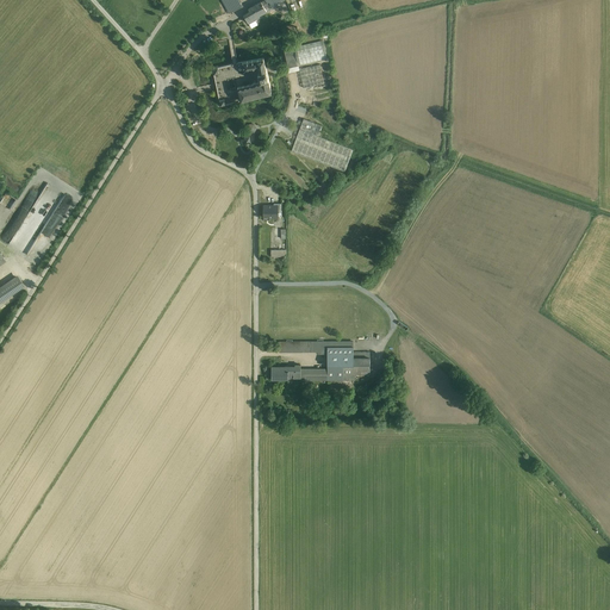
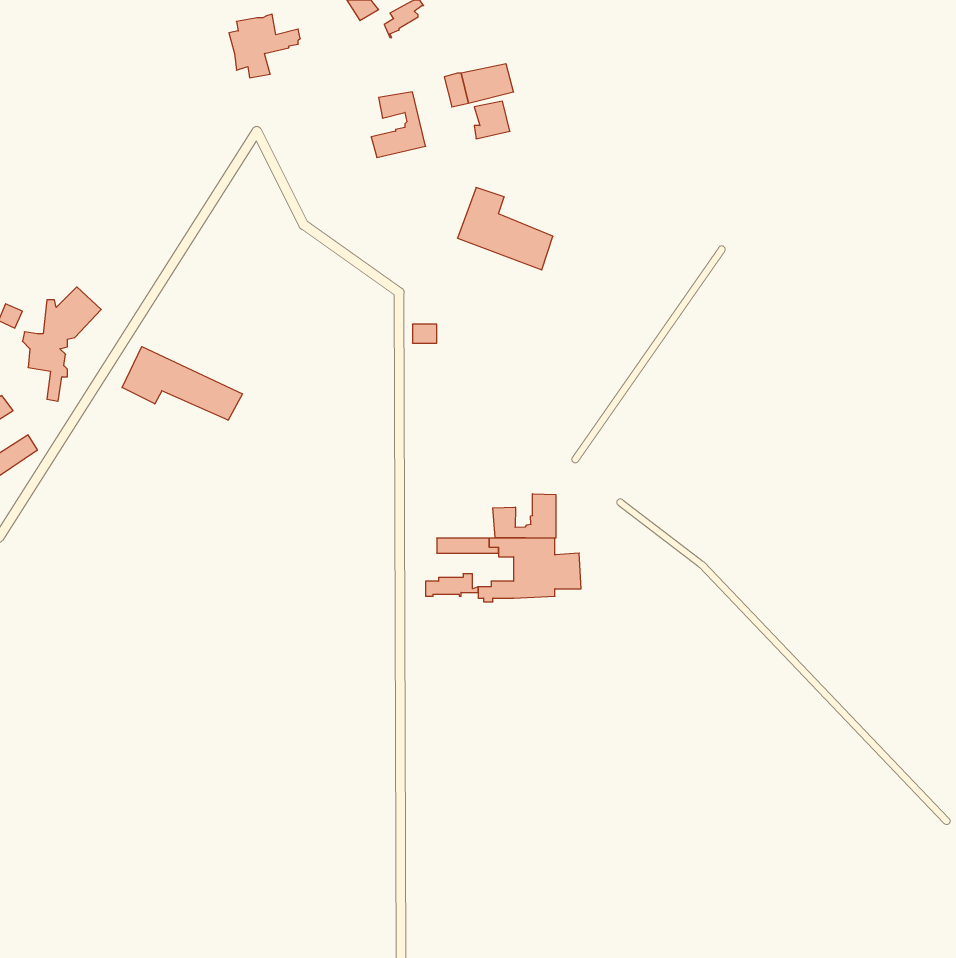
building: [213,62,259,102] -> [229,14,300,78]
building: none -> [122,347,242,420]
building: none -> [493,494,556,538]

